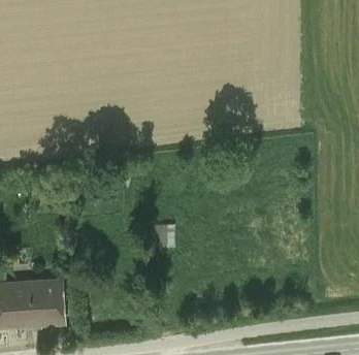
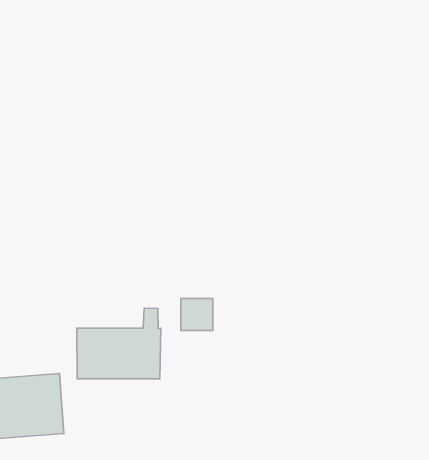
building: none -> [77,308,161,379]

